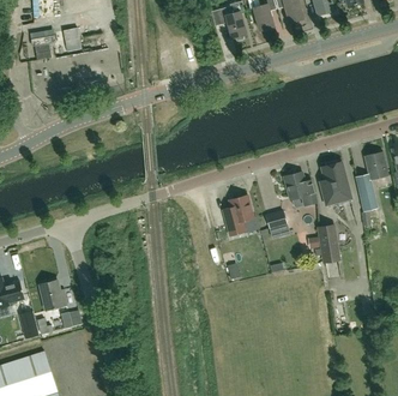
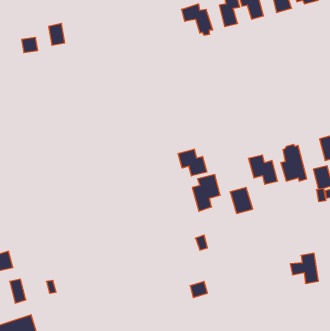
building: none -> [178,149,207,176]
building: [307,226,338,259] -> [290,253,318,283]
building: [40,280,66,311] -> none

